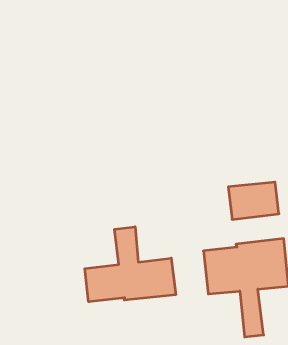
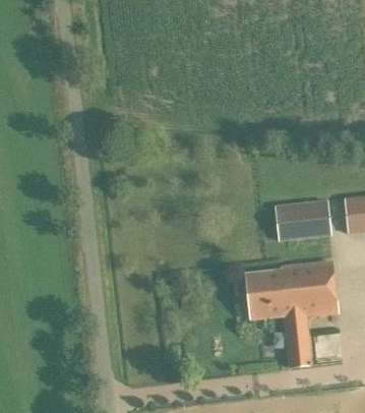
building: [85,227,176,302] -> none

